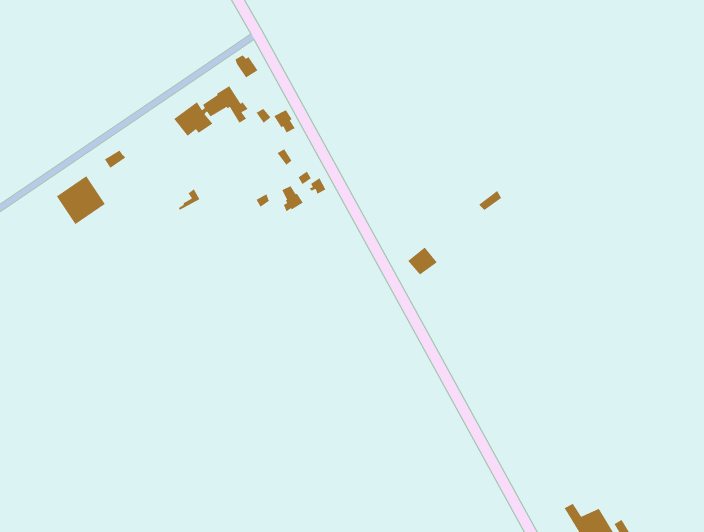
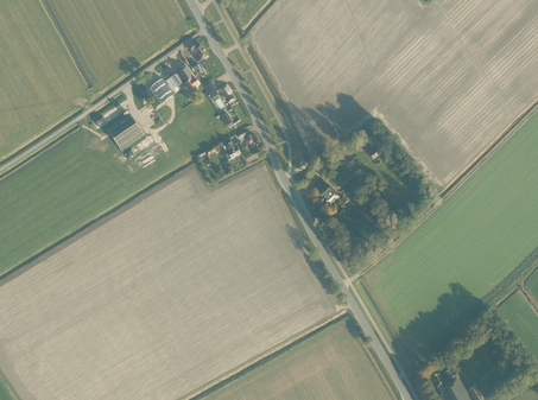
building: [56,175,106,225] -> [105,113,141,150]

